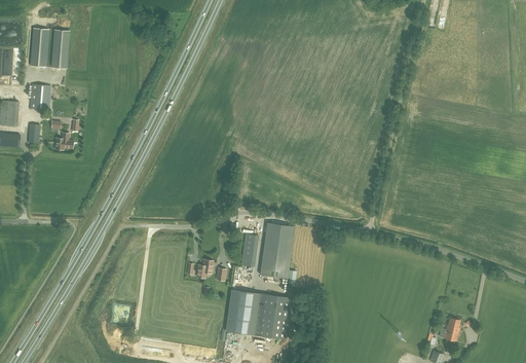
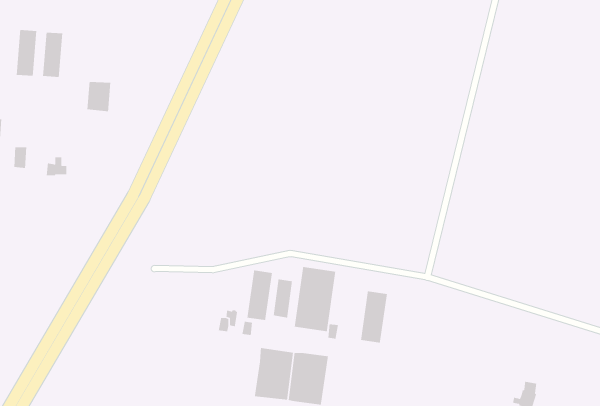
building: [30,84,50,110] -> [86,81,111,112]
building: none -> [247,269,273,321]
building: none -> [360,290,388,344]

